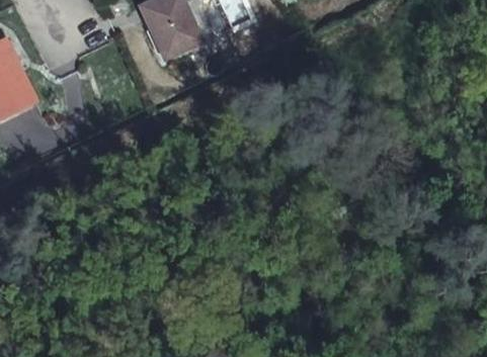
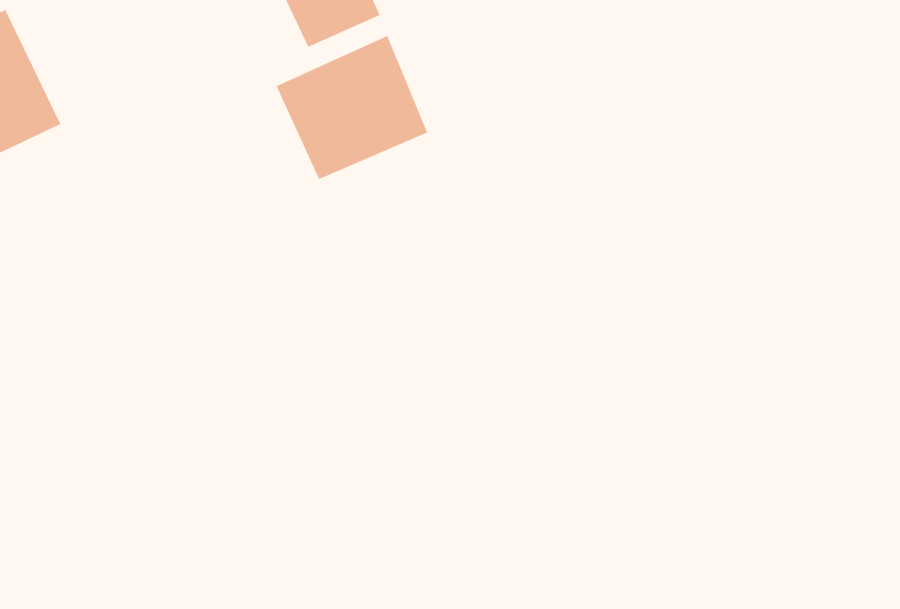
building: none -> [276,35,428,180]

